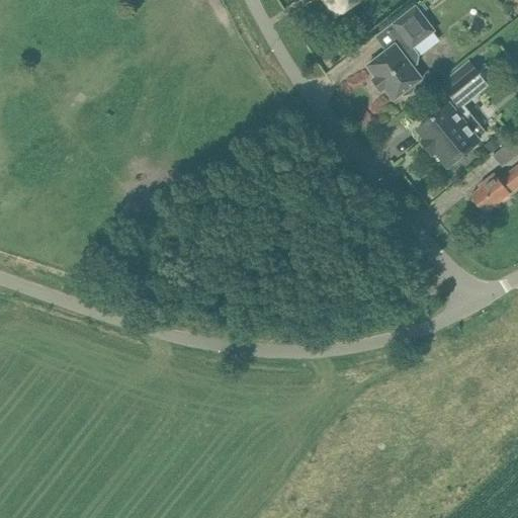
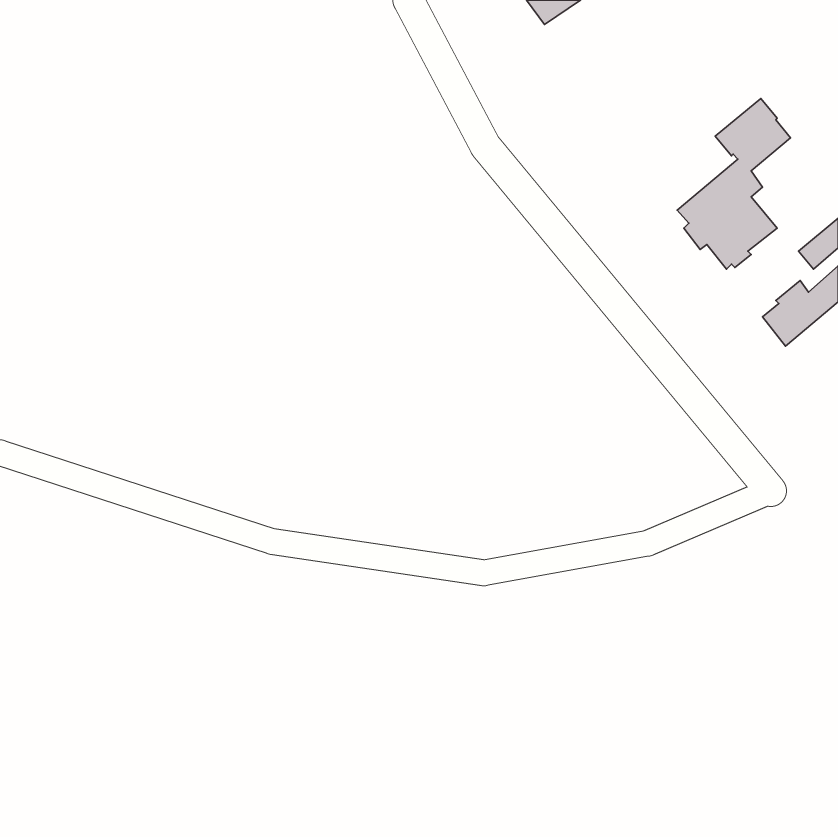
building: [367,5,435,100] -> none

